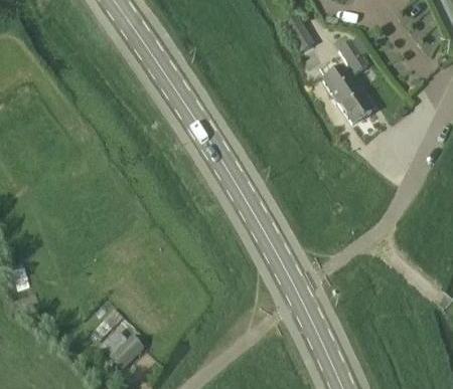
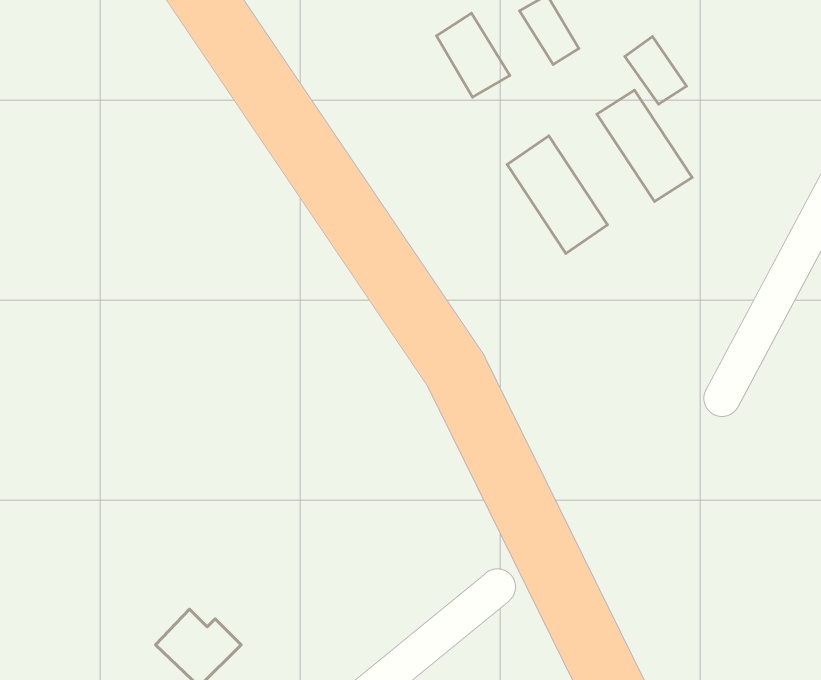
building: none -> [437,13,510,97]
building: none -> [507,136,608,254]

